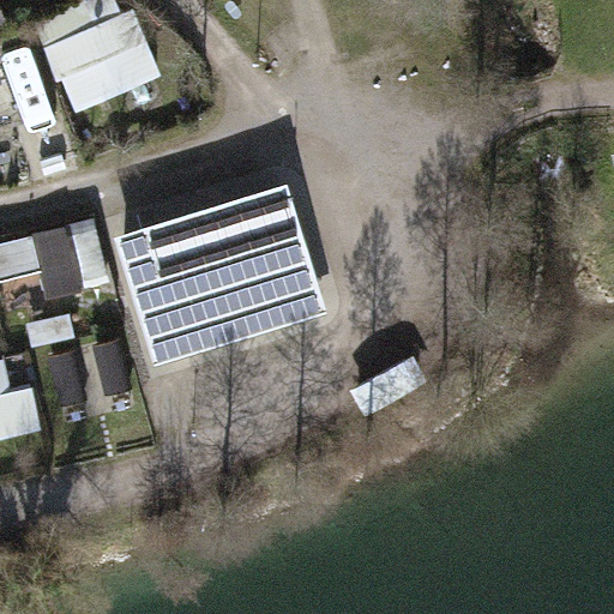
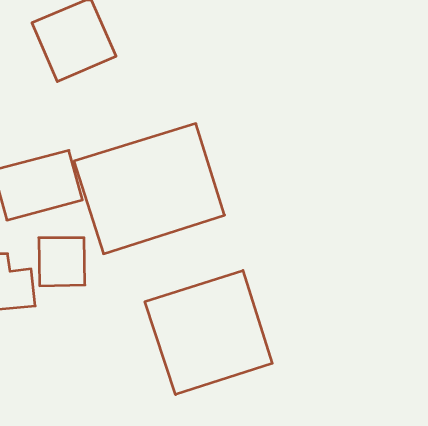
building: none -> [145,270,272,395]

